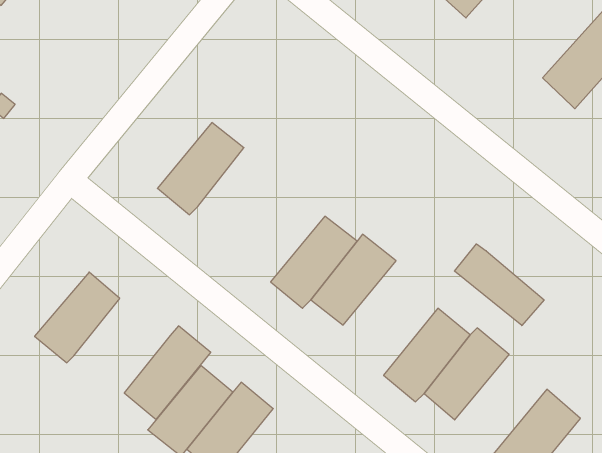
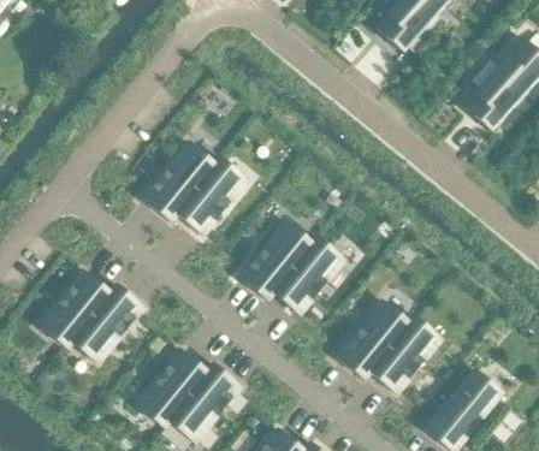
building: none -> [173,154,245,232]
building: [454,244,544,326] -> none
building: [124,326,211,419] -> [66,281,141,362]

